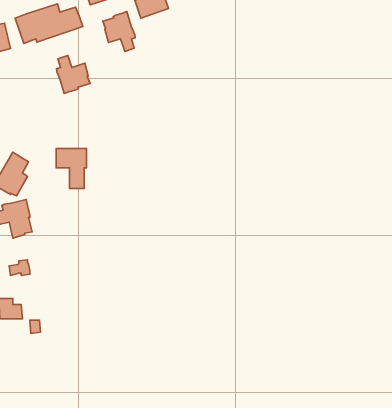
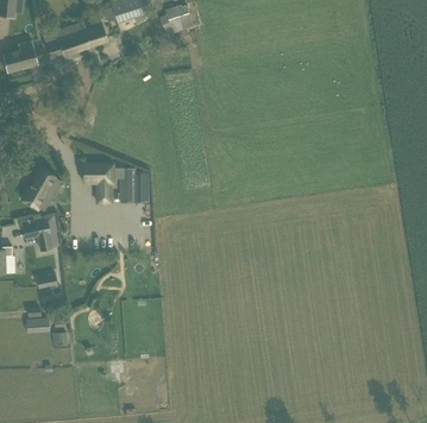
building: [103,12,135,52] -> none
building: [56,55,90,93] -> none
building: none -> [119,168,149,202]

